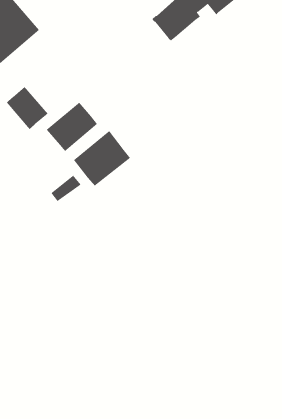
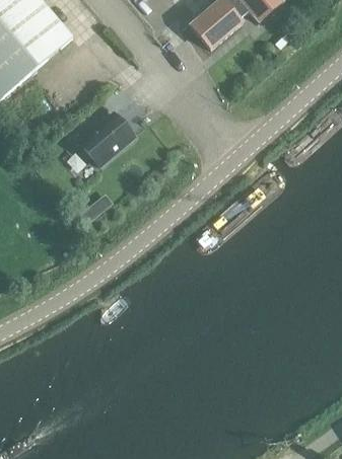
building: [6,86,49,130] -> none
building: [73,130,131,187] -> none

